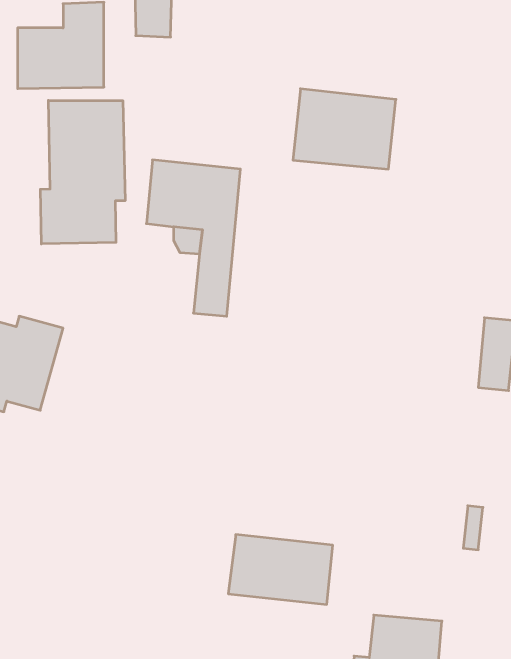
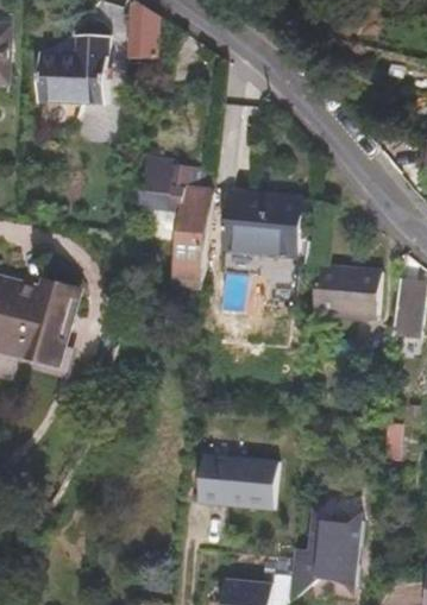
building: [293,89,396,169] -> [221,195,302,258]
building: [40,100,125,244] -> none
building: none -> [313,266,378,319]

